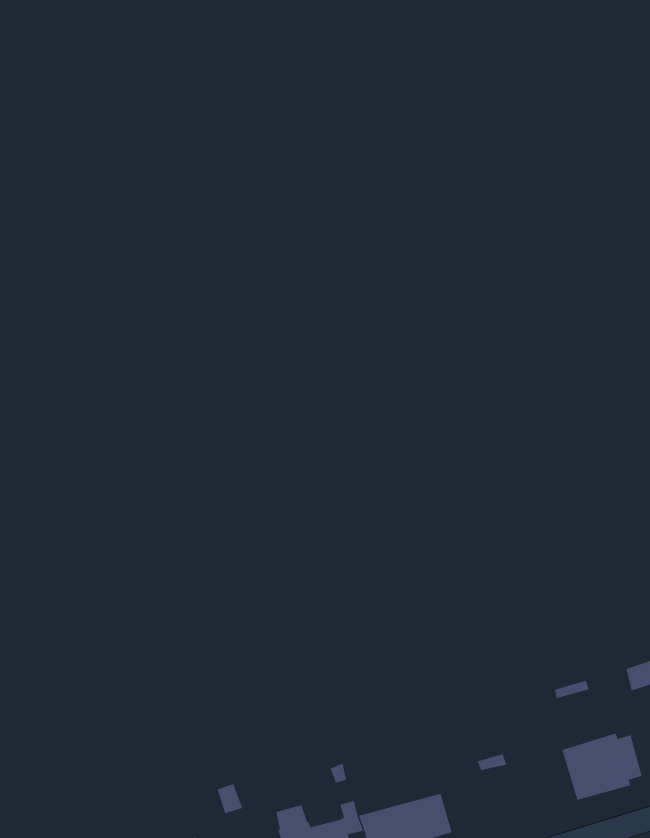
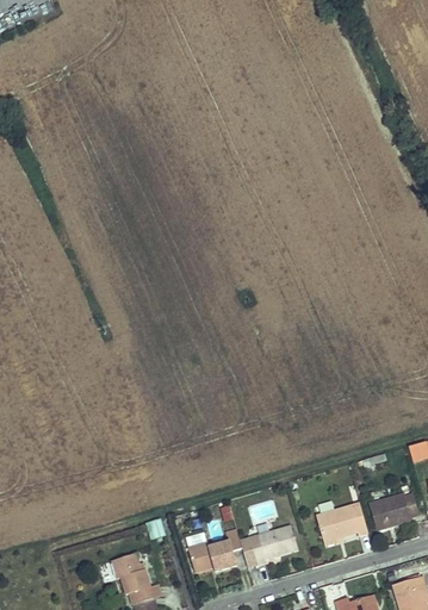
building: none -> [317,504,368,540]

